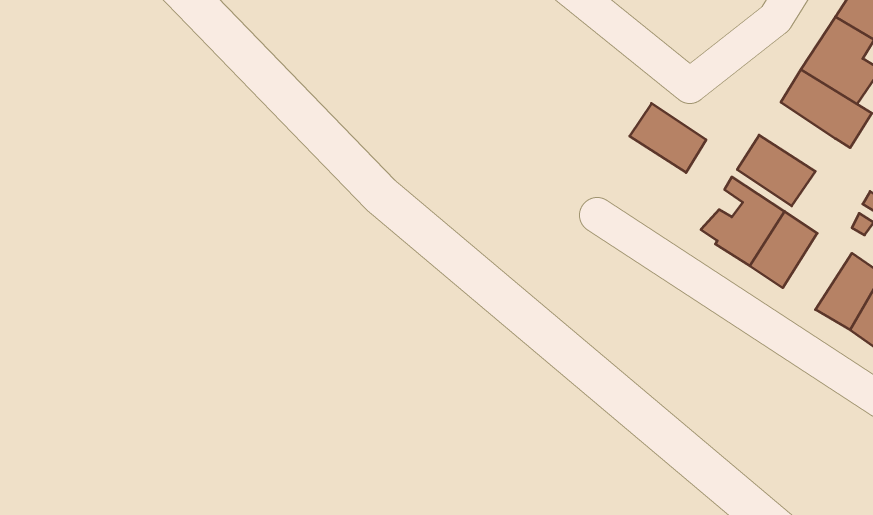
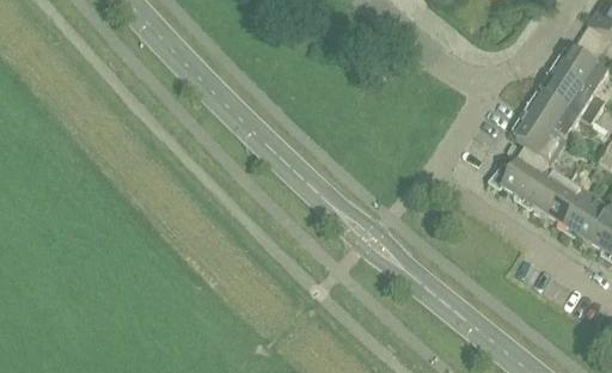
building: [630,103,706,173] -> [530,100,580,146]
building: none -> [545,186,590,237]

